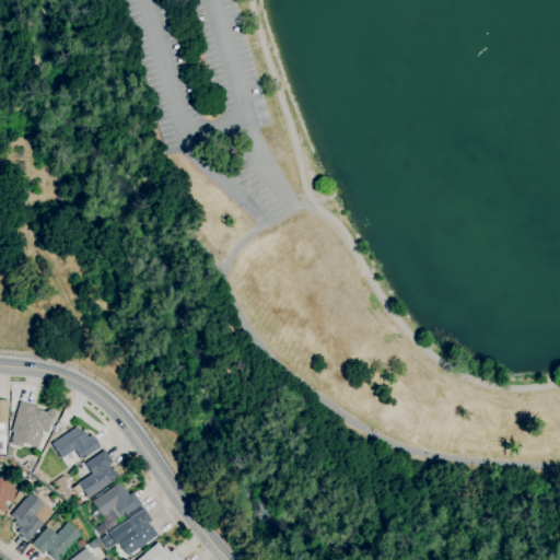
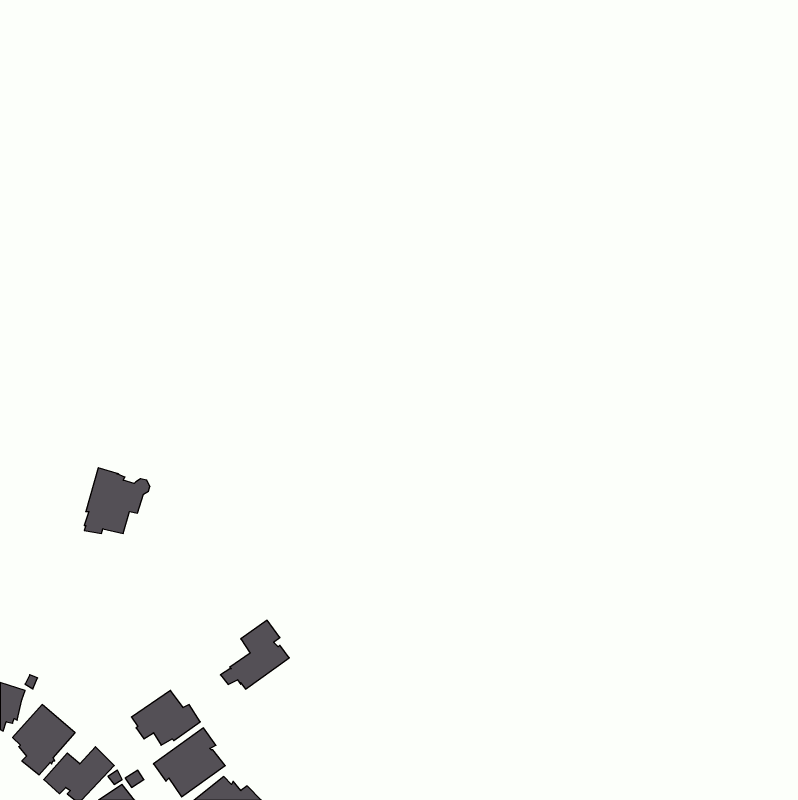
building: [11,401,57,447] -> [84,468,150,533]
building: [52,427,101,460] -> none
building: [71,451,119,499] -> [220,620,289,689]

